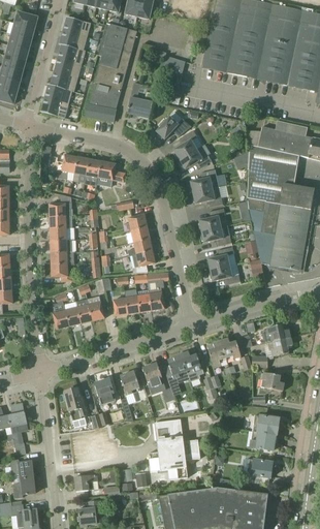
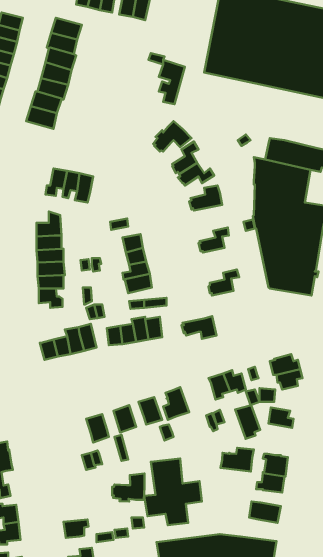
building: [86,23,137,121] -> none
building: [127,82,155,118] -> none
building: [97,161,125,186] -> none
building: [191,187,223,207] -> none
building: [200,225,231,245] -> none
building: [209,263,241,284] -> [181,316,217,339]
building: [181,349,203,380] -> [235,405,260,439]
building: [65,387,88,421] -> none
building: none -> [221,448,254,472]
building: none -> [112,474,145,501]

